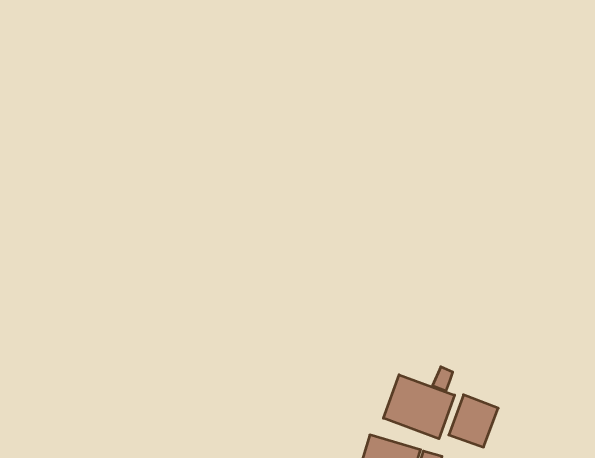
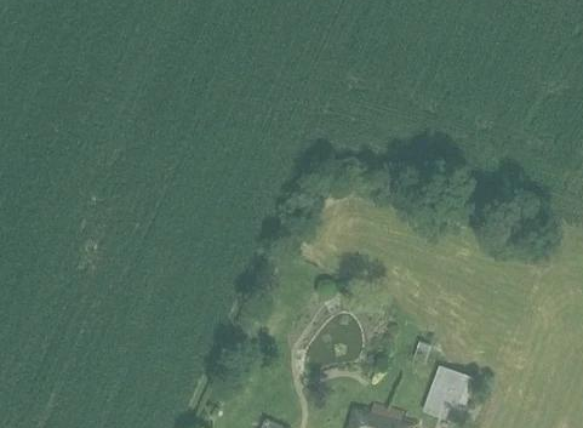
building: [383,375,455,439] -> none

